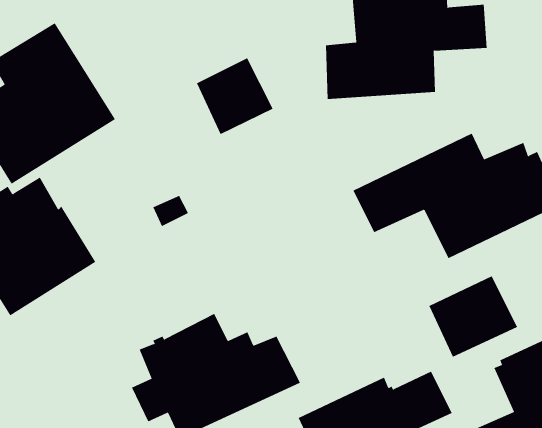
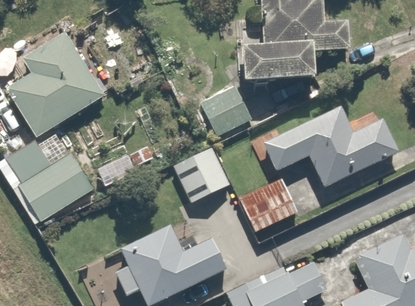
building: [196,57,273,135] -> [201,86,252,137]
building: none -> [173,147,230,203]
building: [428,276,518,357] -> [239,178,298,232]

